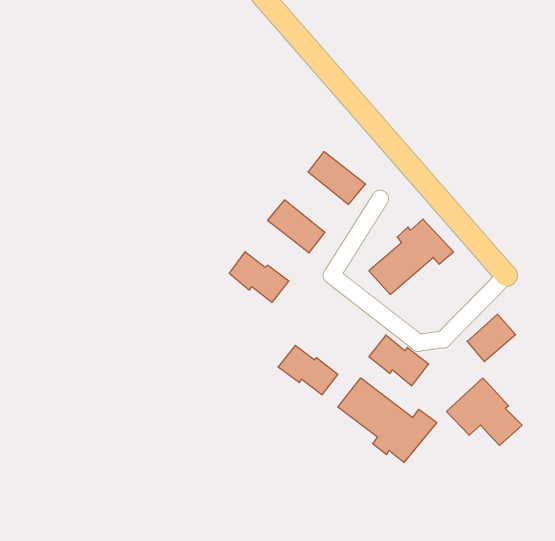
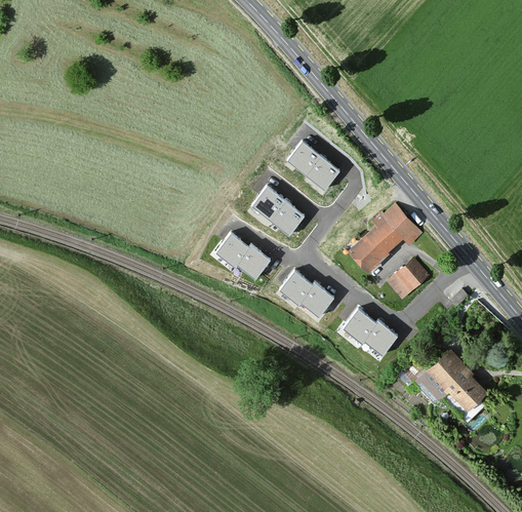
building: [467,314,516,362] -> [385,257,429,300]
building: [278,345,338,395] -> [280,272,334,317]
building: [338,378,437,463] -> none

